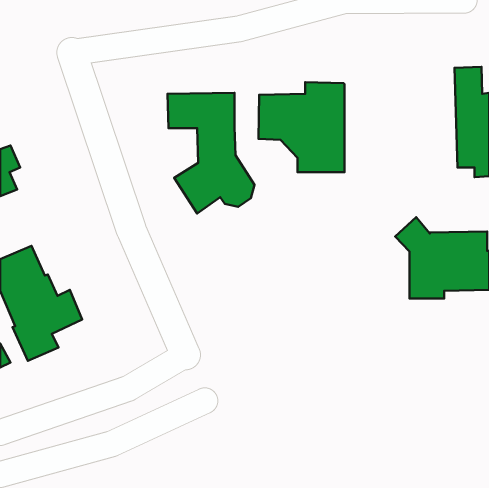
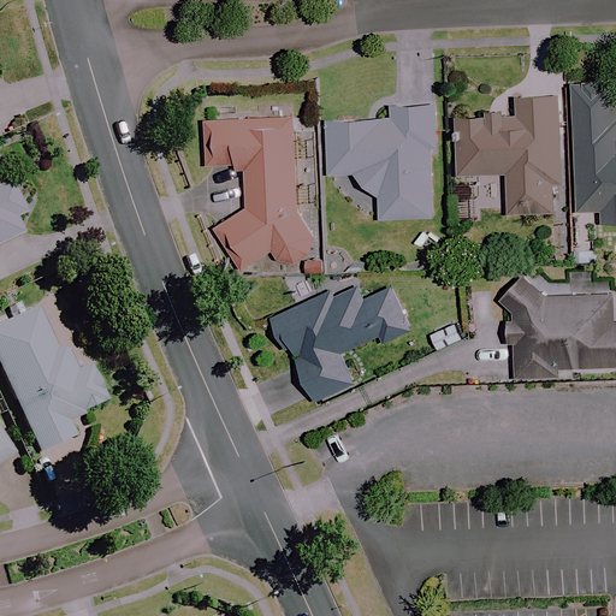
building: none -> [458,97,556,215]
building: none -> [268,286,410,403]

